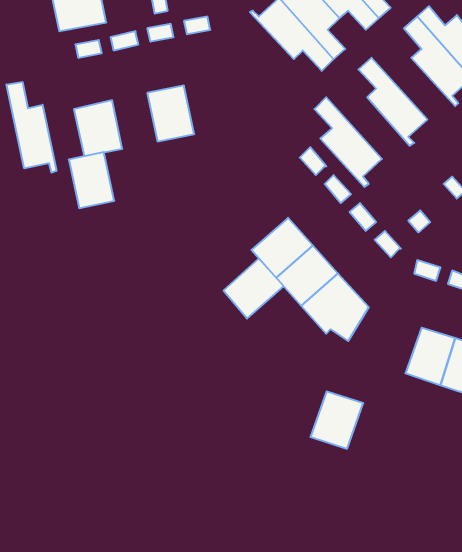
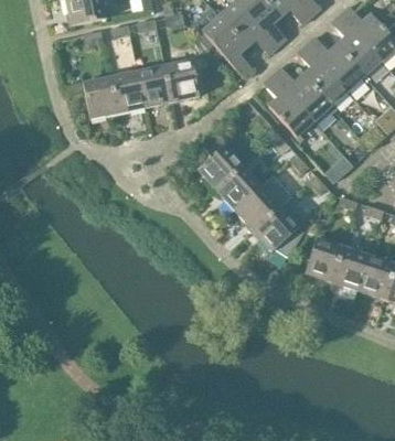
building: none -> [189,7,253,76]
building: none -> [307,36,370,90]
building: none -> [166,60,200,101]
building: [6,82,56,173] -> none
building: none -> [273,66,335,120]
building: [69,152,114,208] -> [111,71,146,112]
building: [224,258,284,319] -> [199,143,244,189]
building: [310,391,363,449] -> [305,238,344,281]

